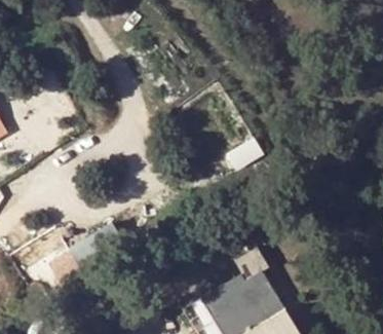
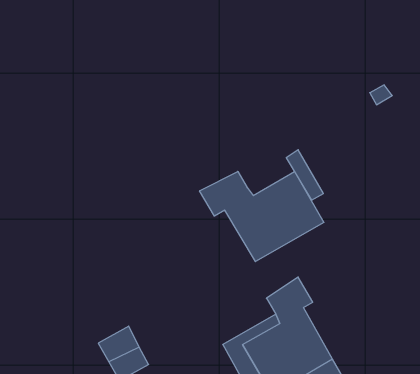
building: none -> [200,171,324,262]

